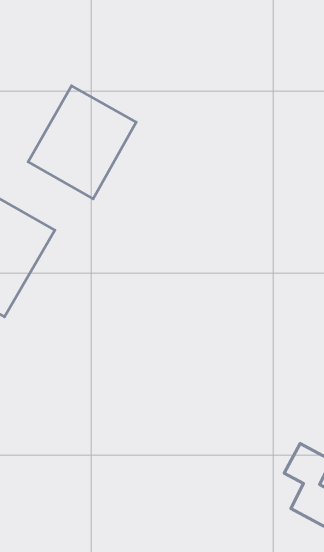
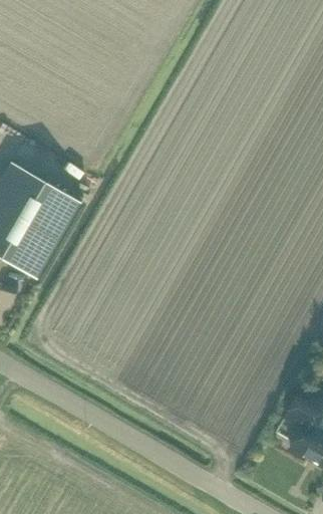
building: [28,86,136,199] -> none

